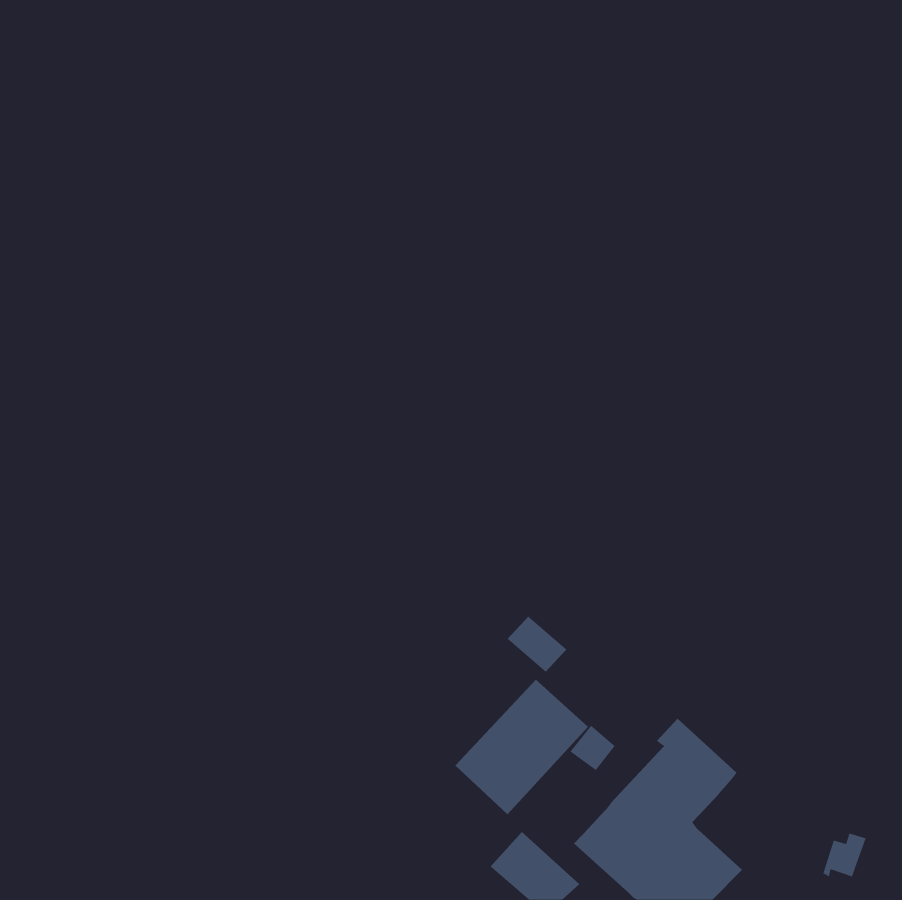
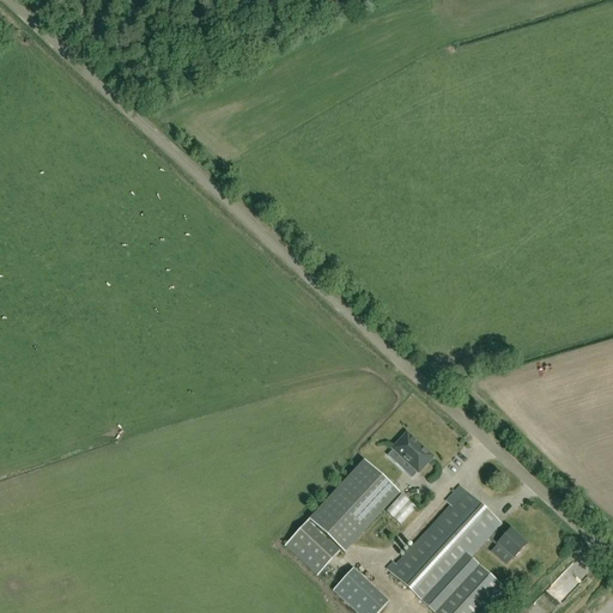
building: [507,616,567,672] -> [390,435,431,473]
building: none -> [284,521,339,575]
building: none -> [487,528,526,558]

